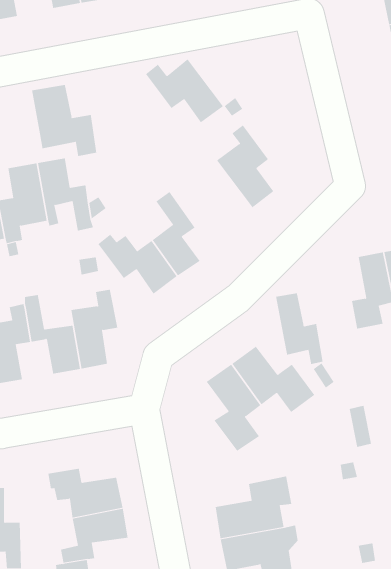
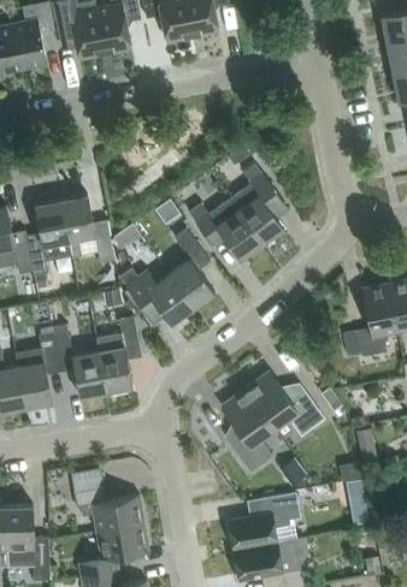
building: [145,59,224,123] -> [191,198,265,259]
building: [32,84,97,157] -> none
building: [275,292,323,365] -> none

